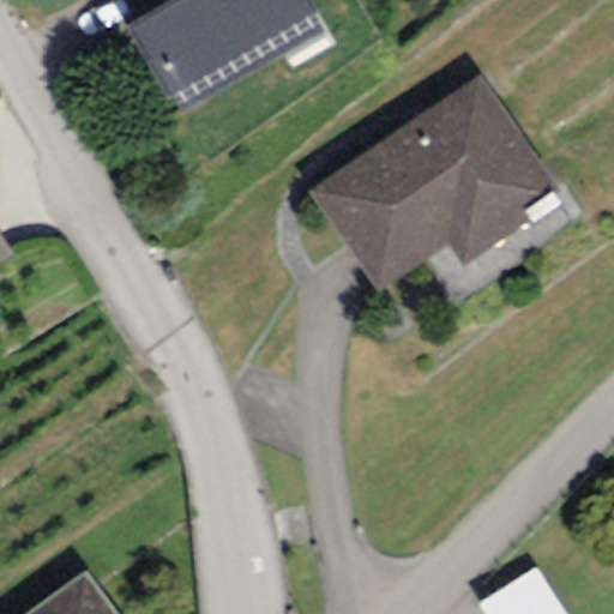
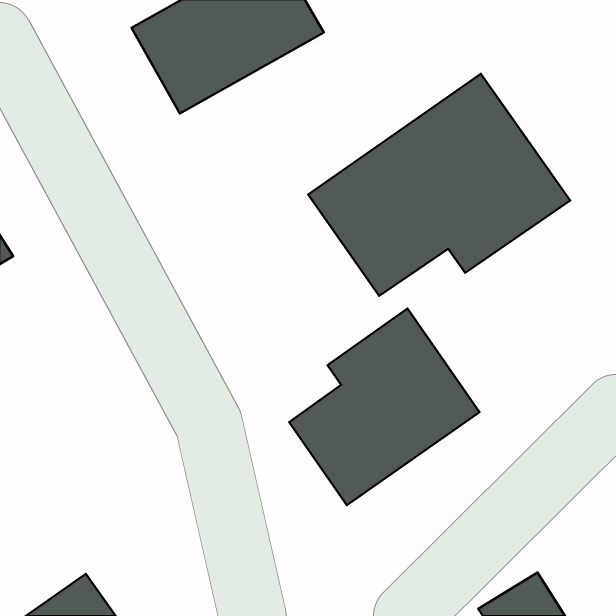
building: none -> [289,308,480,505]

